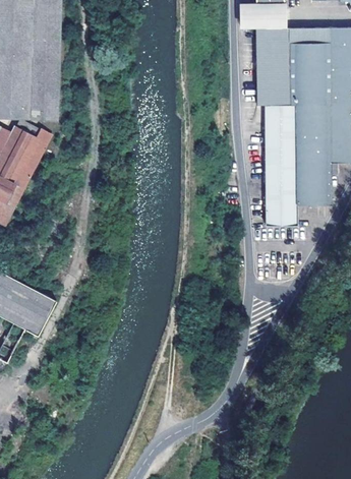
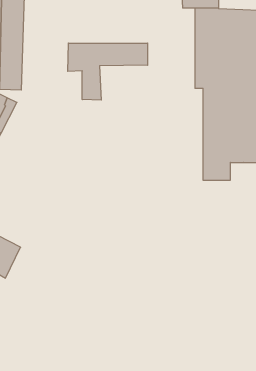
building: none -> [68,43,148,100]

